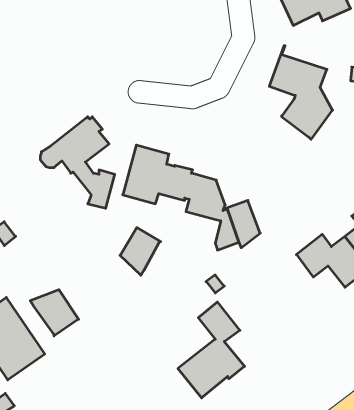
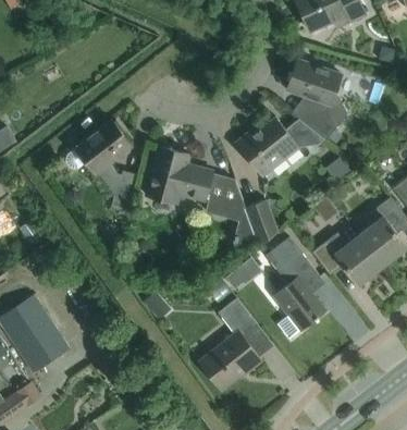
building: none -> [235,116,324,177]
building: [120,228,161,275] -> none
building: none -> [266,237,325,339]
building: [30,290,79,336] -> none

